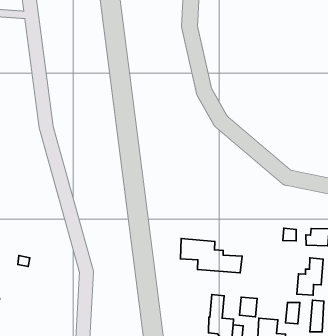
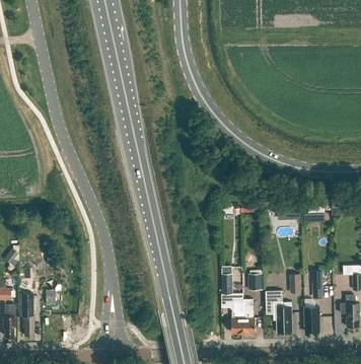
building: [180,239,242,273] -> none
building: [297,258,323,295] -> none

